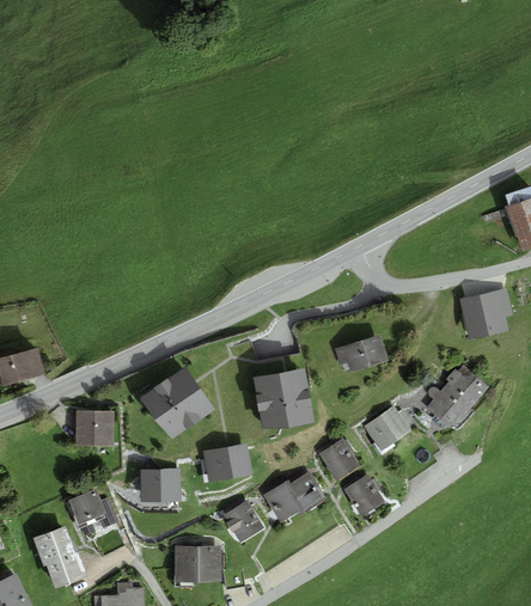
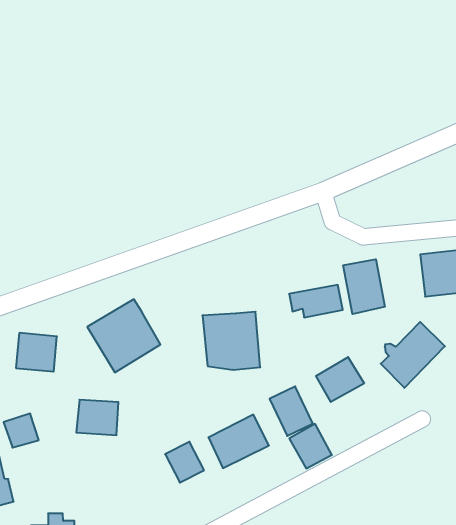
building: none -> [343,259,385,314]
building: [202,445,250,483] -> none
building: [176,546,224,581] -> none

